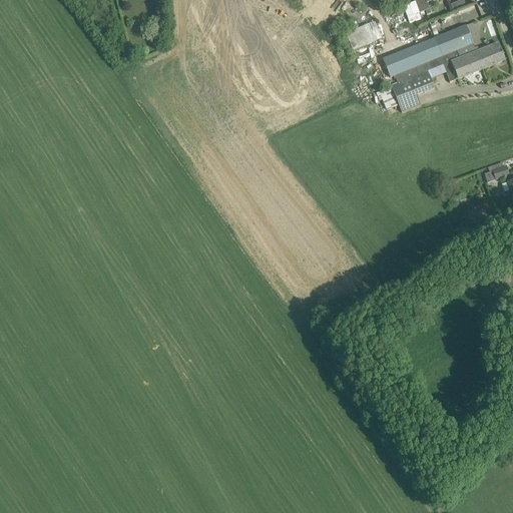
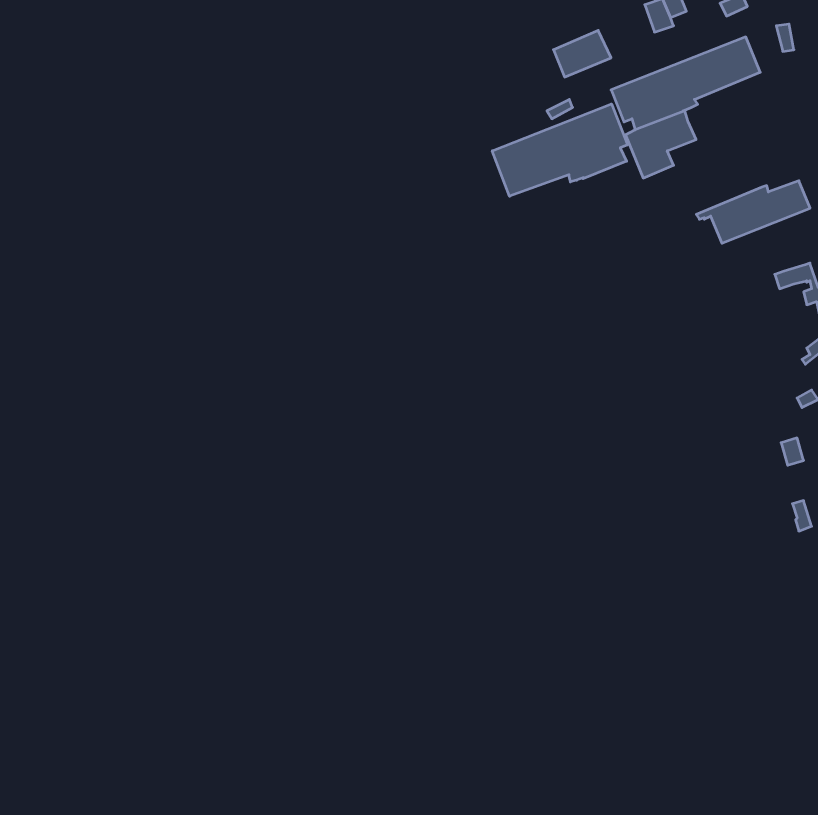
building: [435,41,506,80] -> [696,181,810,243]
building: none -> [492,104,627,196]

